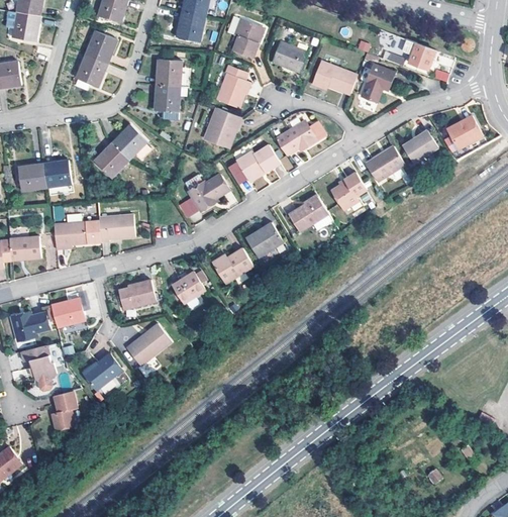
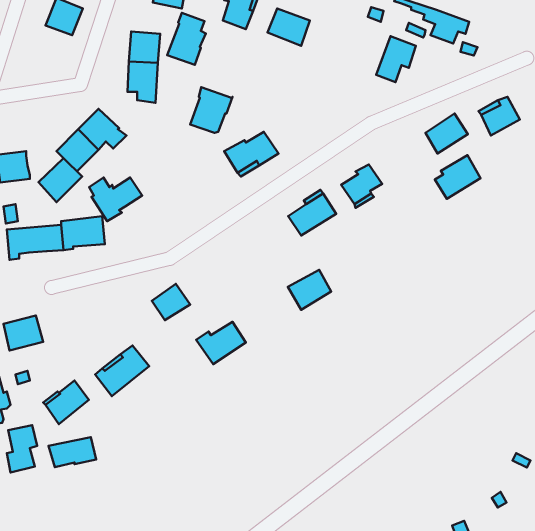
building: [76,56,107,91] -> none
building: [310,62,357,95] -> none
building: [216,64,248,107] -> [167,13,206,65]
building: [275,120,316,154] -> none
building: [367,144,405,181] -> [435,155,481,199]
building: none -> [38,158,82,202]
building: [185,175,229,211] -> [89,178,142,221]
building: [246,223,283,256] -> [288,270,331,310]
building: [212,247,253,283] -> [196,322,246,364]
building: [118,279,156,310] -> none
building: none -> [49,437,96,467]

